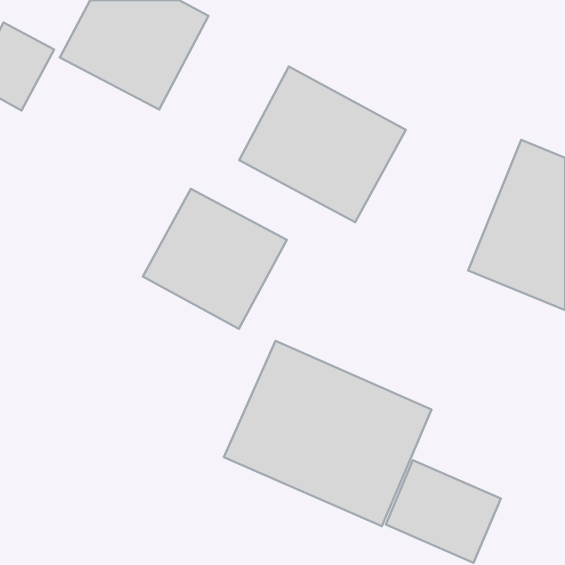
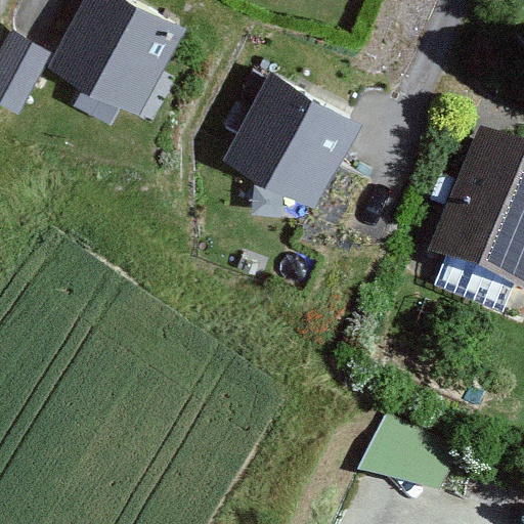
building: [143,189,287,329] -> none
building: [224,341,432,526] -> none

